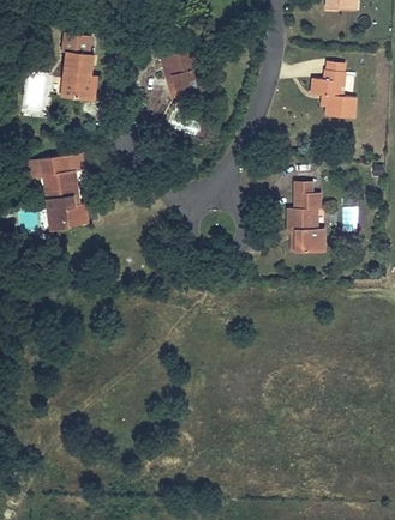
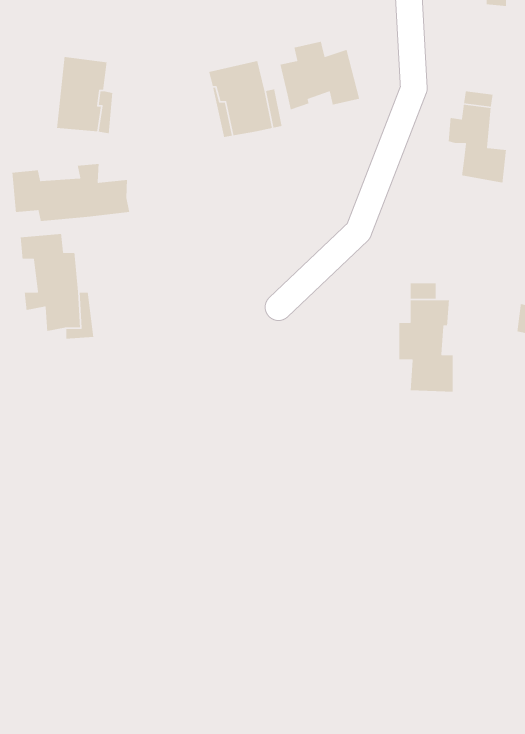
building: none -> [280,41,360,111]
building: none -> [12,163,130,222]

